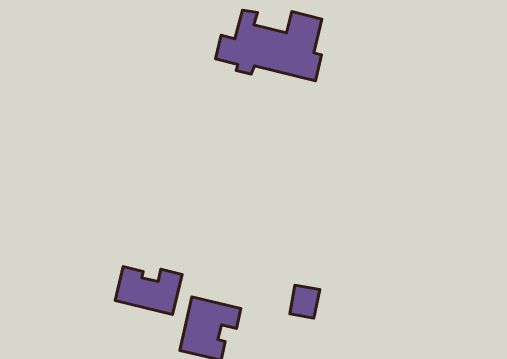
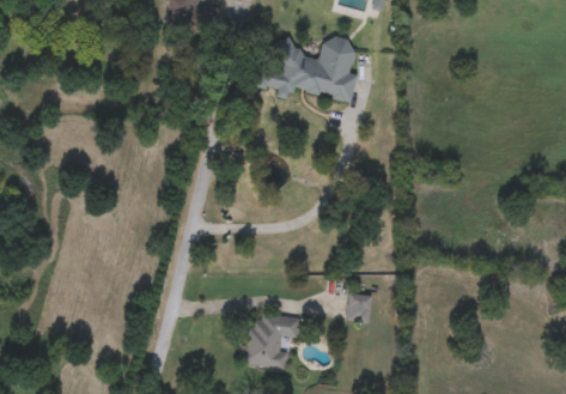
building: [115,267,182,315] -> none

